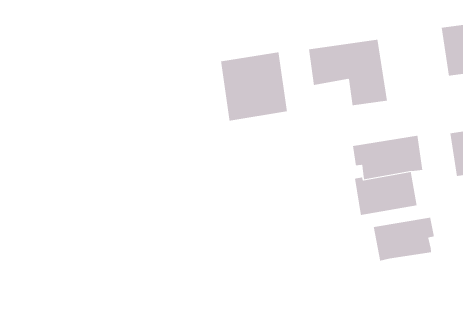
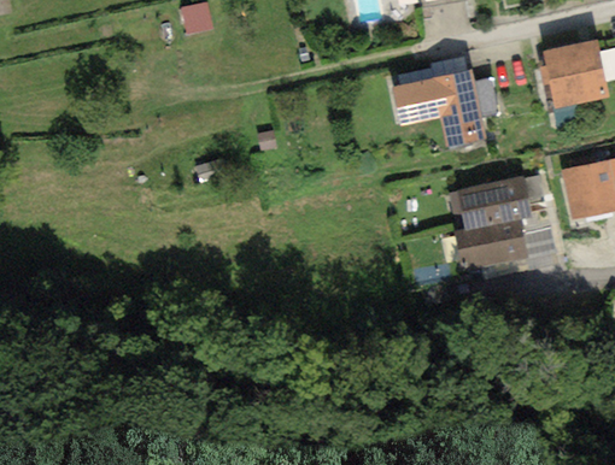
building: [221,51,288,121] -> none
building: [373,217,434,261] -> none

